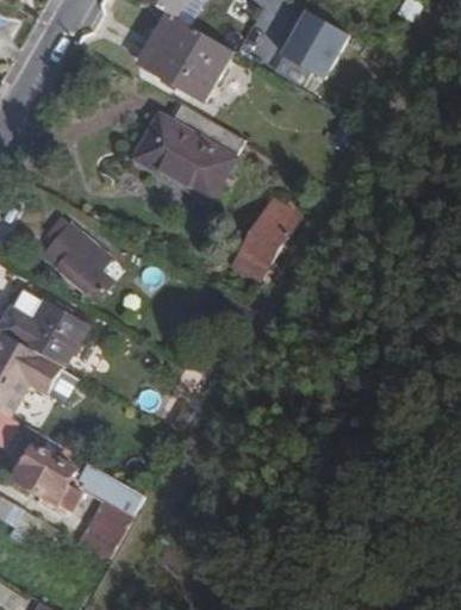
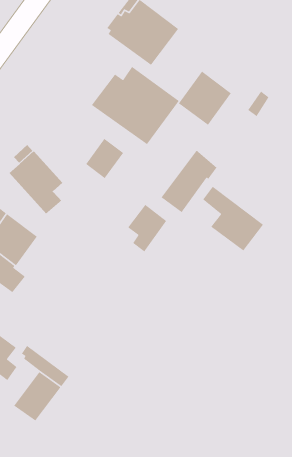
building: [281,12,347,80] -> [178,70,232,126]
building: none -> [85,138,124,179]
building: none -> [202,186,264,251]
building: none -> [127,204,167,253]

